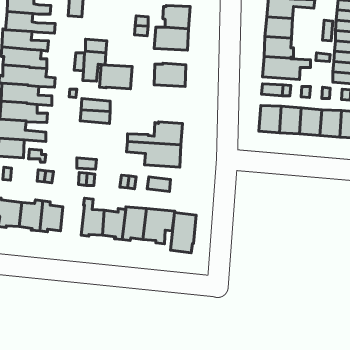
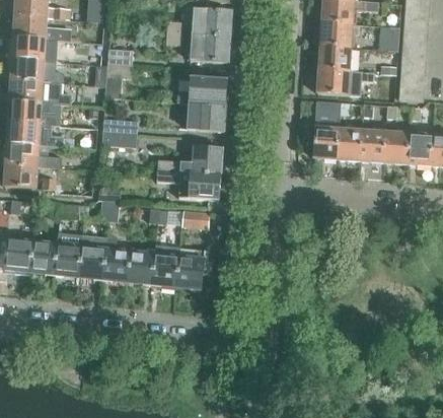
building: [99,65,132,89] -> [187,102,225,131]
building: none -> [78,240,106,280]
building: [170,213,196,253] -> none

